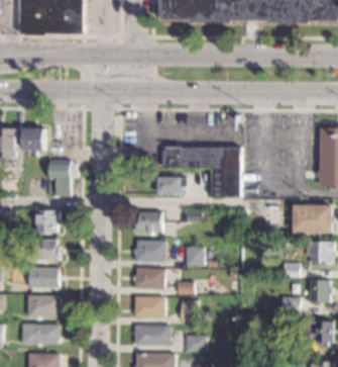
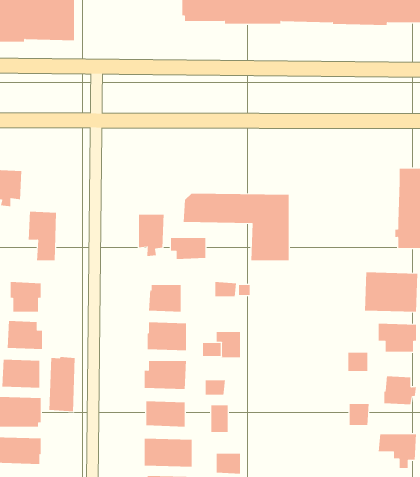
building: none -> [139,214,164,257]
building: none -> [49,356,75,412]

